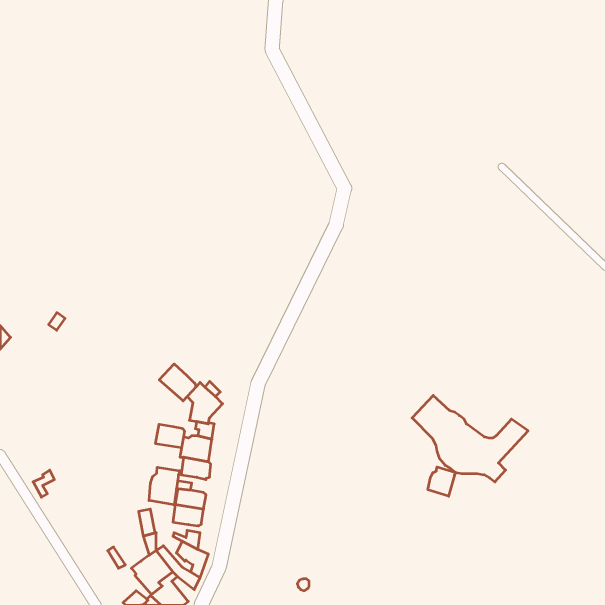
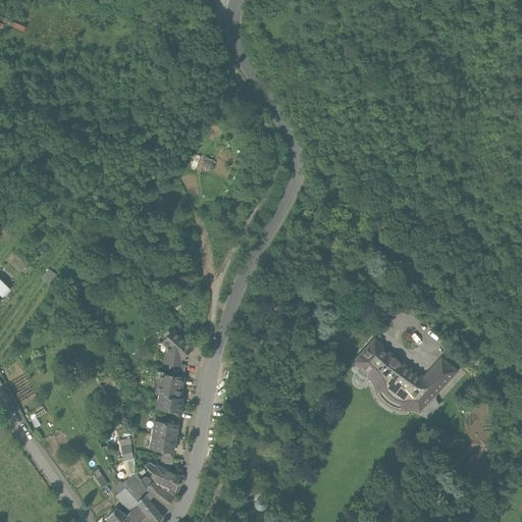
building: [159,364,196,401] -> none
building: [156,424,184,448] -> none
building: [428,467,456,496] -> none
building: [149,467,180,505] -> none

